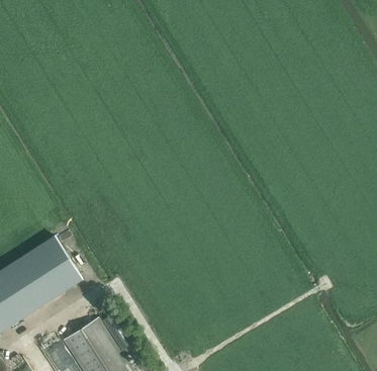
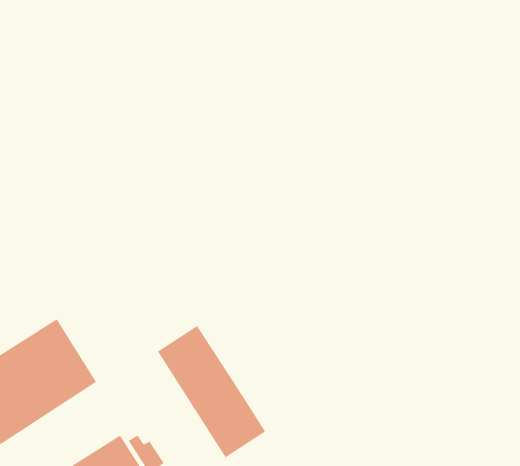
building: none -> [157,325,266,458]

